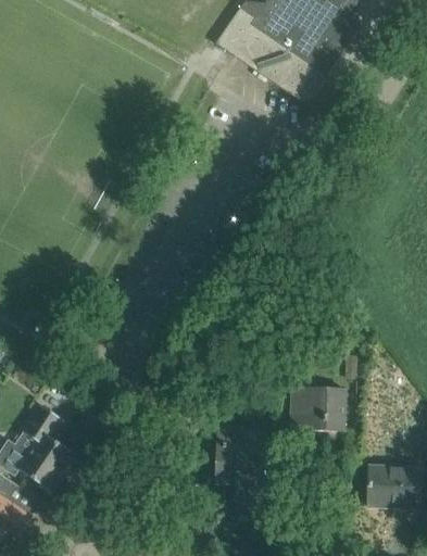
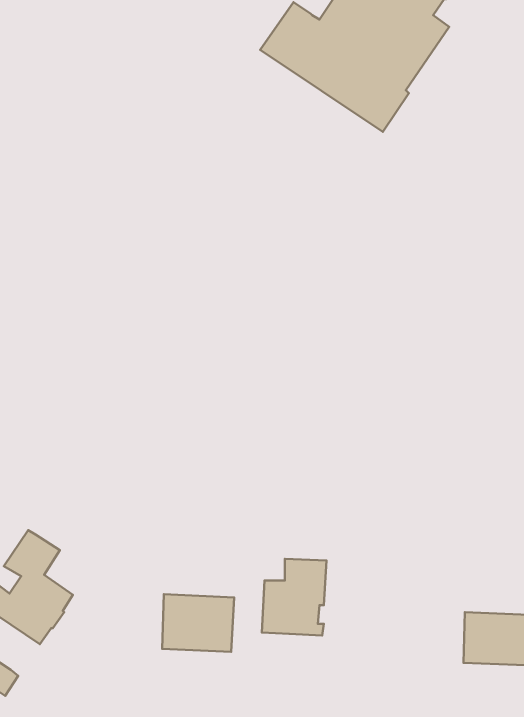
building: [288,387,343,429] -> none
building: none -> [162,594,234,652]

